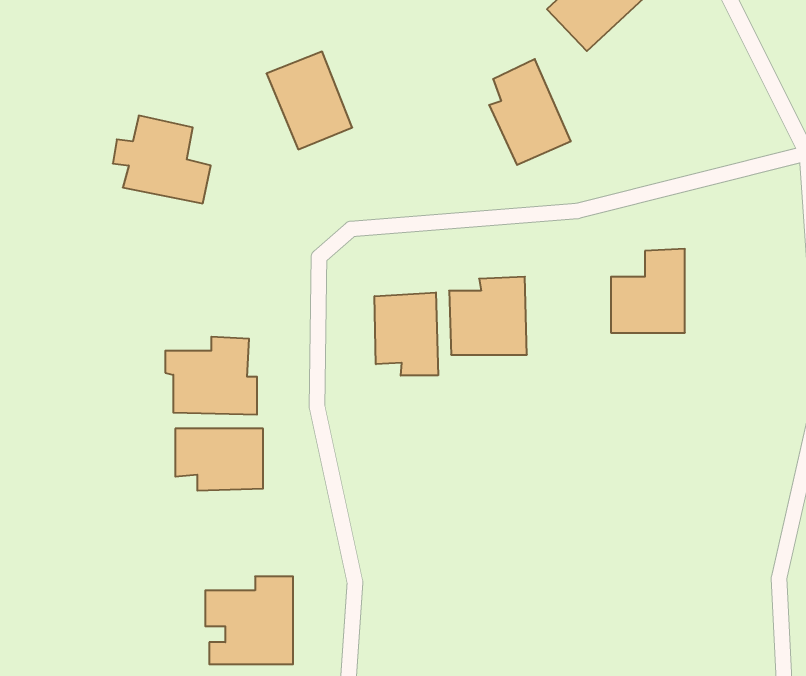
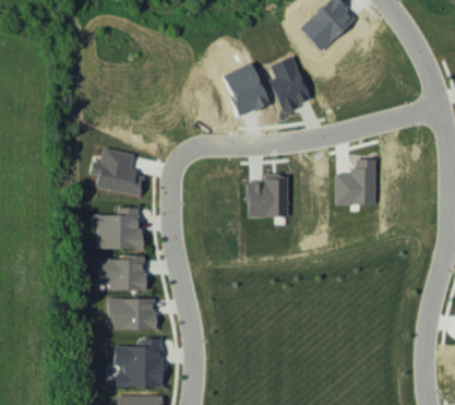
building: [266,52,352,149] -> [221,63,268,117]
building: [113,116,211,203] -> [89,148,143,196]
building: [375,292,438,376] -> none
building: none -> [108,298,155,330]

